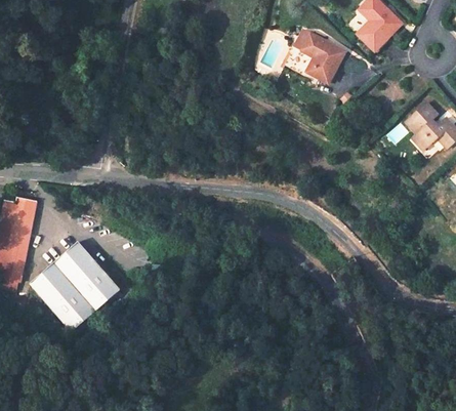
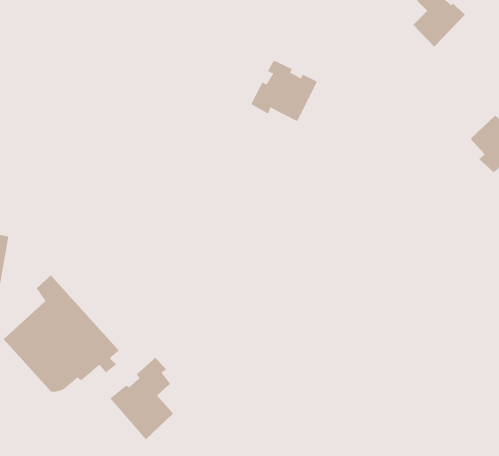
building: [294,32,348,82] -> [251,60,318,122]
building: none -> [110,357,174,440]

